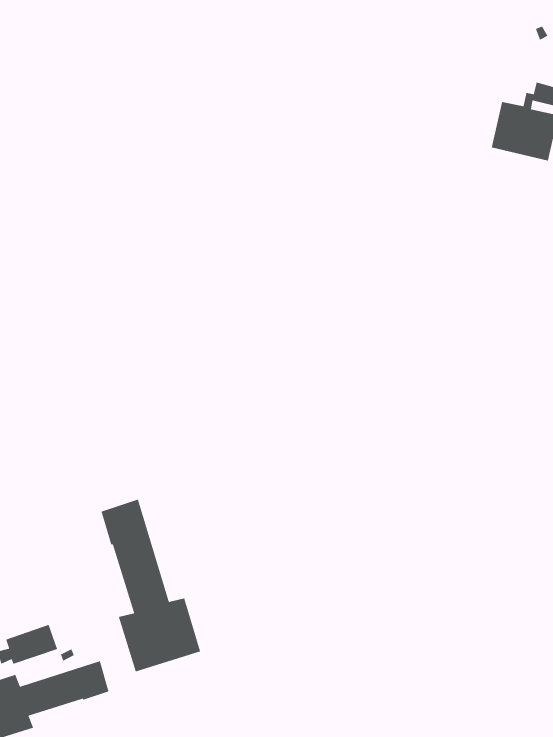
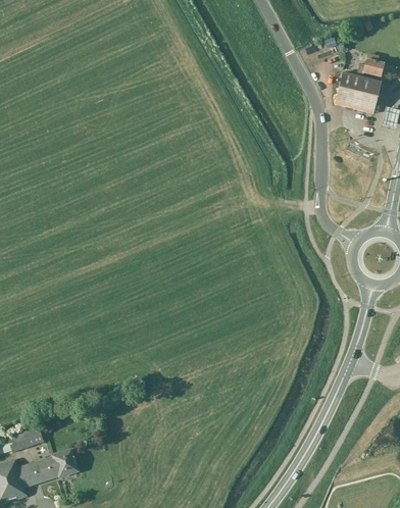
building: [101,498,201,673] -> none

